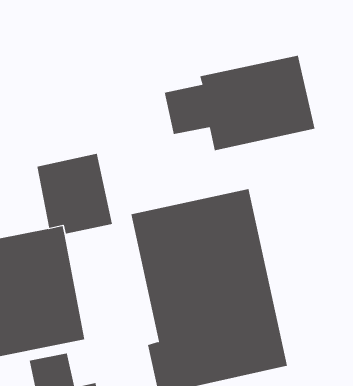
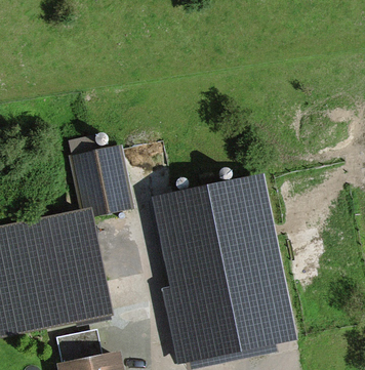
building: [164,55,315,151] -> none

